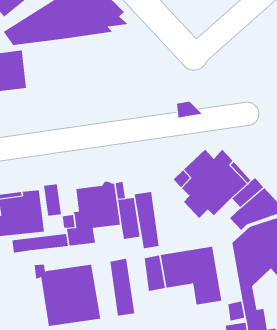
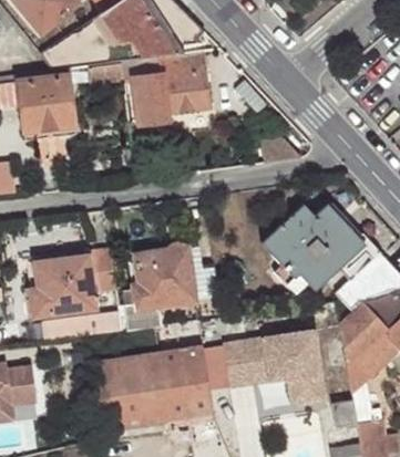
building: none -> [122,50,207,124]
building: [134,192,159,249] -> [156,349,189,423]

